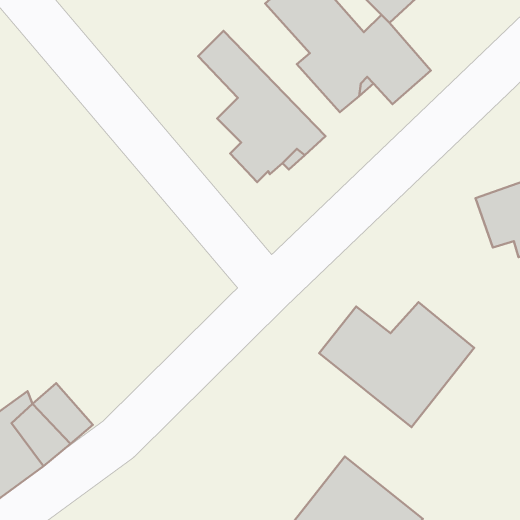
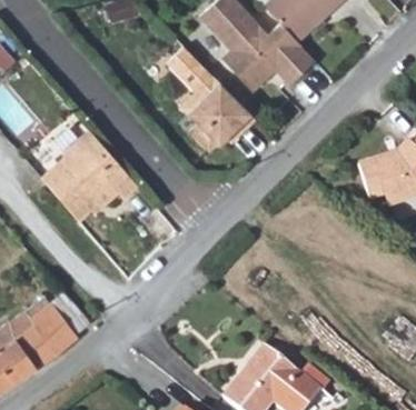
building: none -> [44,131,140,220]
building: [319,302,474,427] -> none

